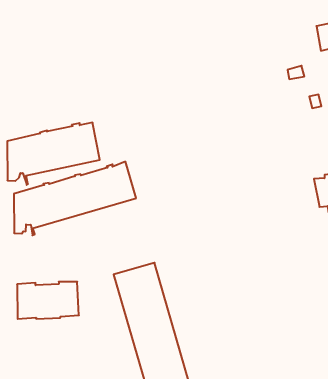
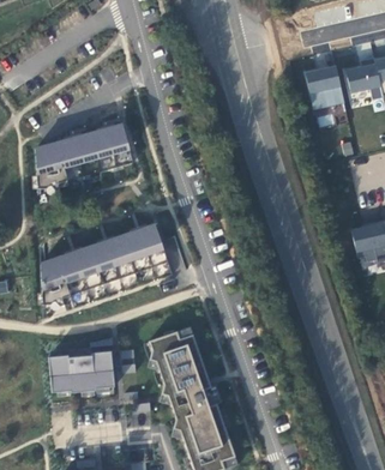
building: none -> [305,66,345,113]
building: [7,123,100,185] -> [35,123,132,192]

